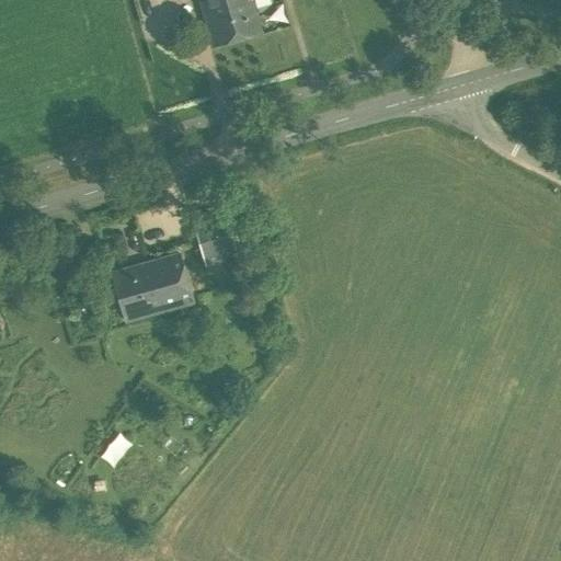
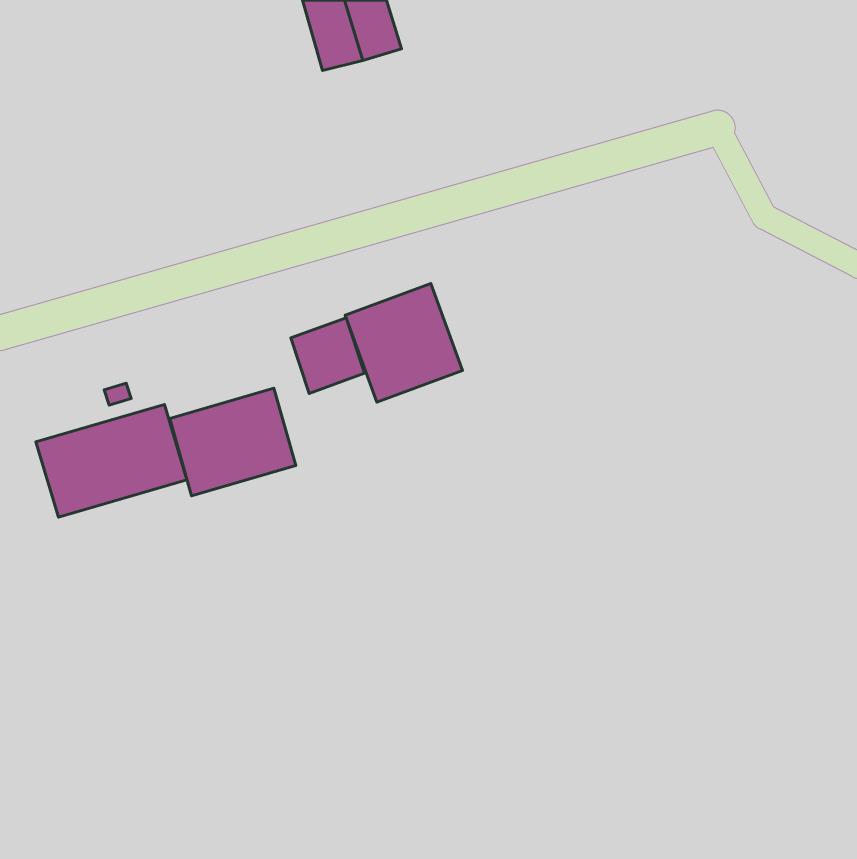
building: none -> [345,284,462,402]
building: none -> [36,405,187,517]

